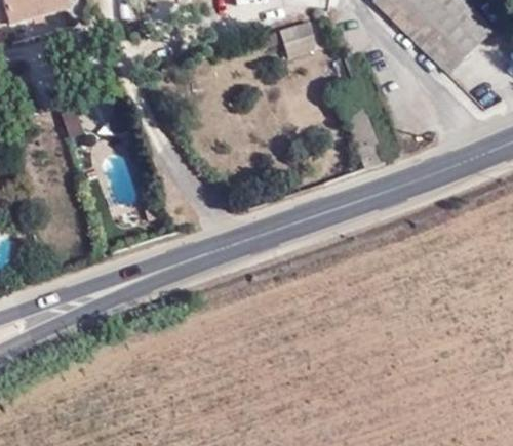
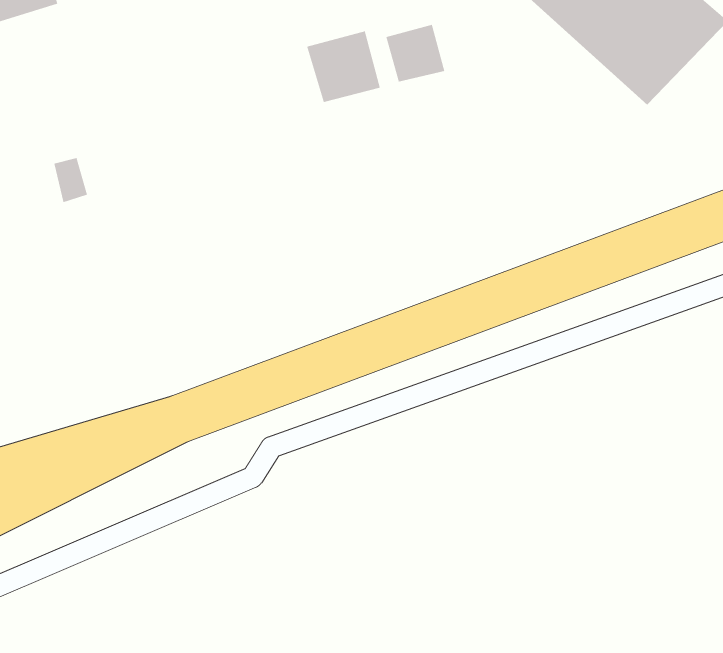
building: none -> [307,31,380,103]

